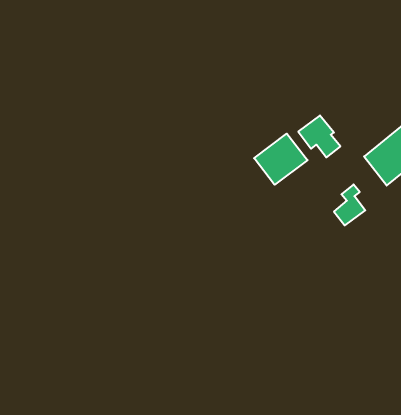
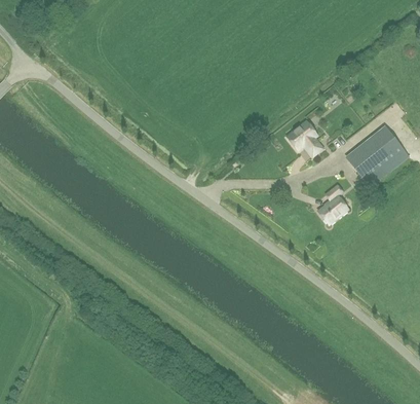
building: [254,134,308,185] -> none

